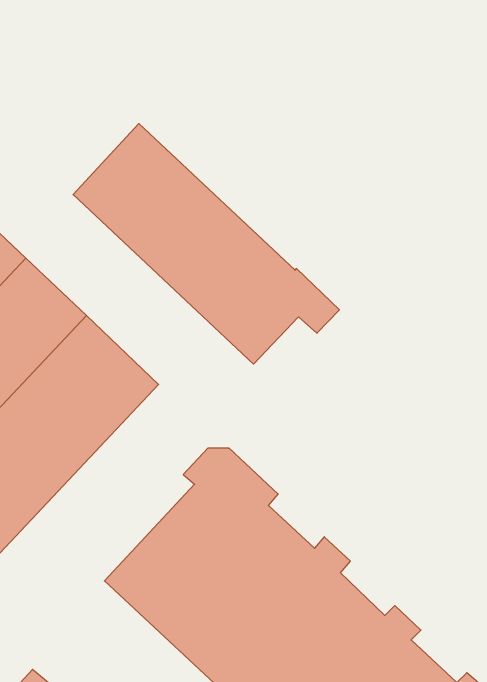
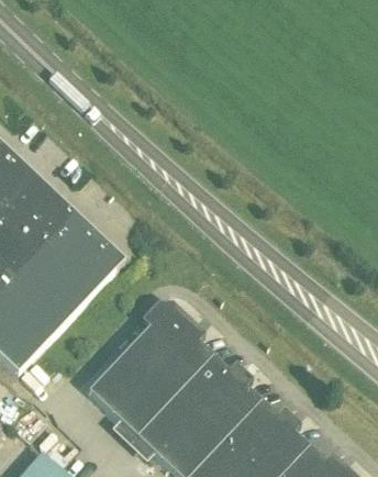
building: [73,124,339,364] -> none

